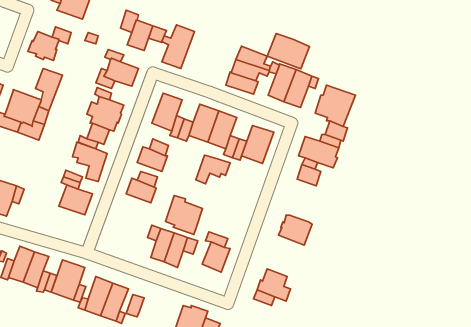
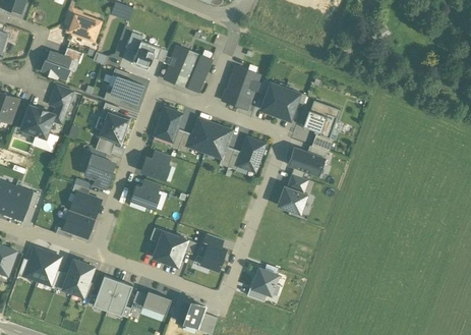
building: none -> [181,52,213,93]
building: [267,34,310,69] -> none
building: [196,155,230,184] -> none
building: [166,195,203,234] -> none
building: none -> [63,211,94,238]
building: [278,215,312,245] -> [277,186,307,214]
building: none -> [143,291,171,315]

